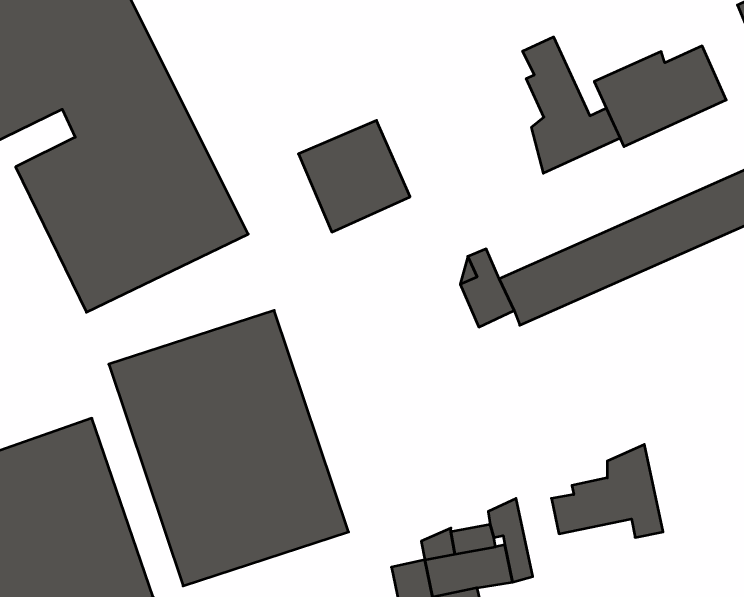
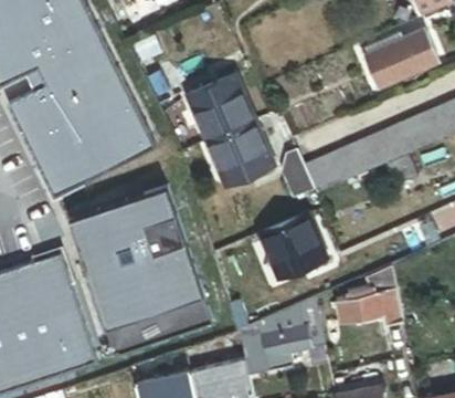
building: [523,37,620,173] -> none
building: none -> [203,119,269,186]
building: none -> [266,214,325,275]

